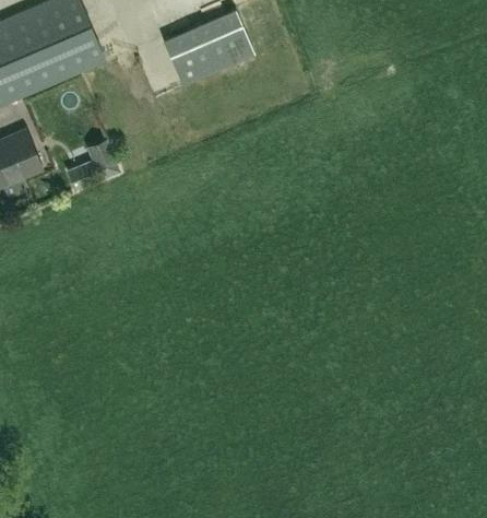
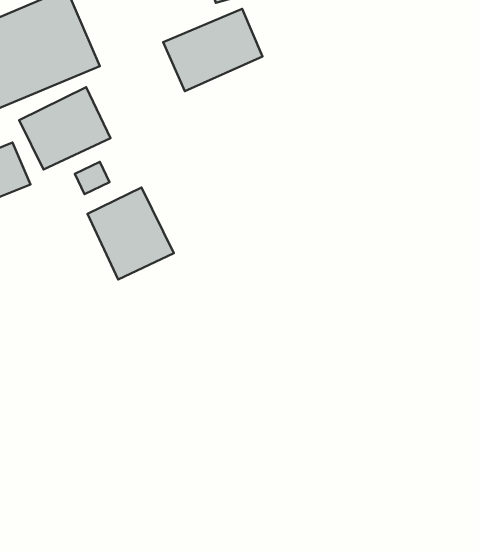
building: none -> [19,87,111,170]
building: none -> [88,188,174,280]

